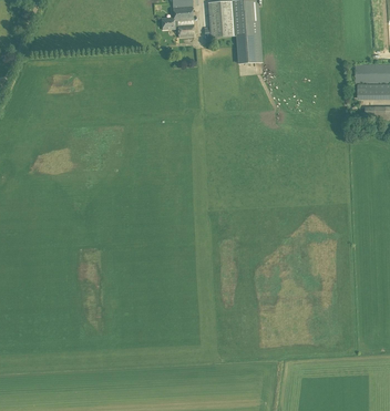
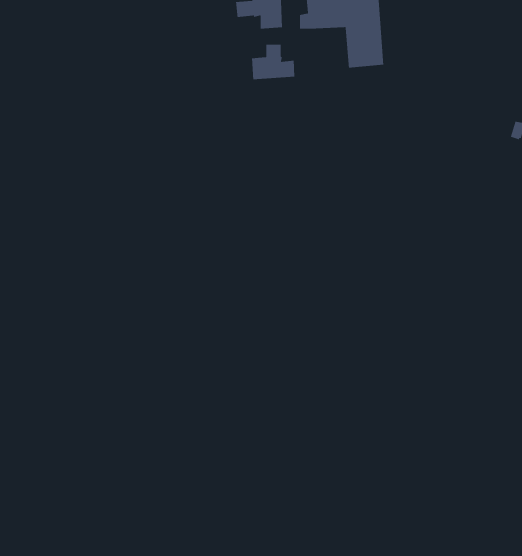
building: none -> [251,44,295,80]

